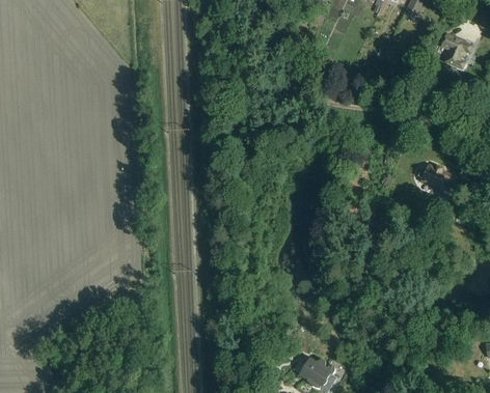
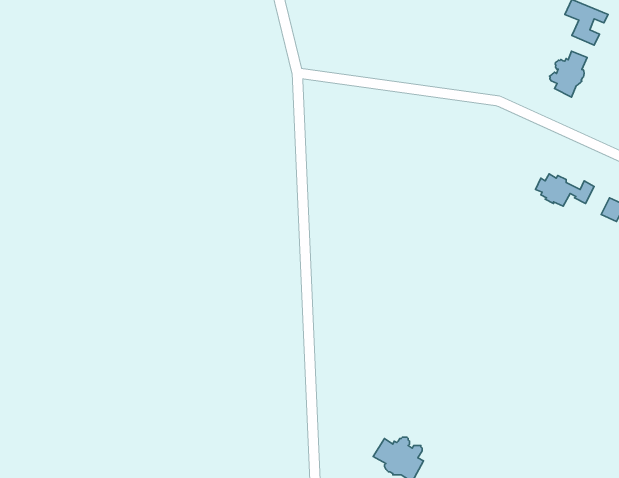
building: none -> [550,51,587,97]

